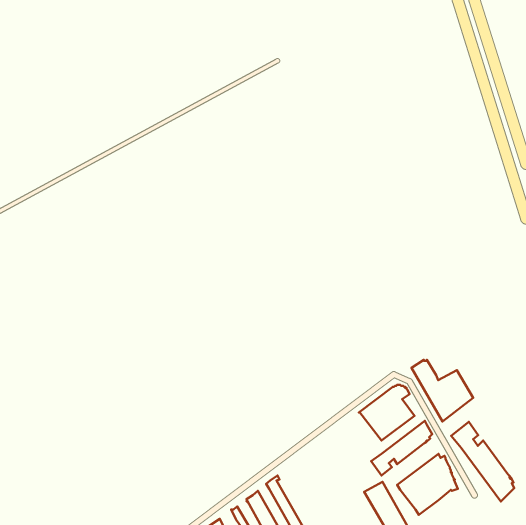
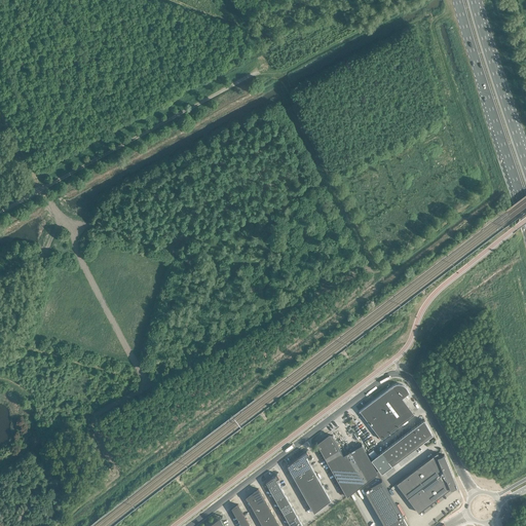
building: [411,360,473,422] -> [315,437,377,498]
building: [451,422,514,502] -> none
building: none -> [287,453,330,515]

